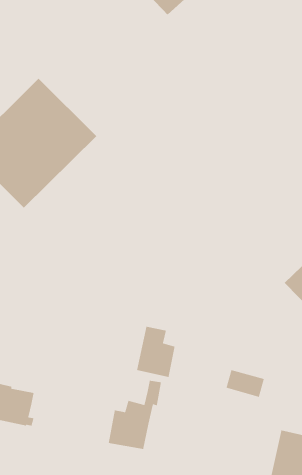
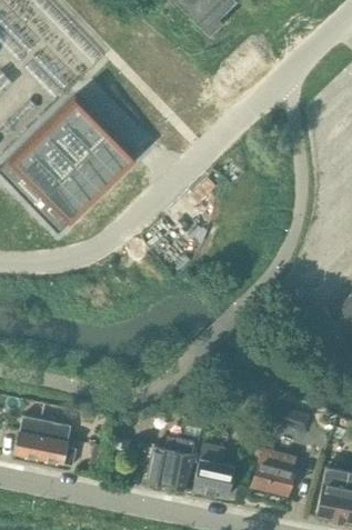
building: [136,326,175,378] -> [193,444,234,499]
building: none -> [252,451,294,496]

